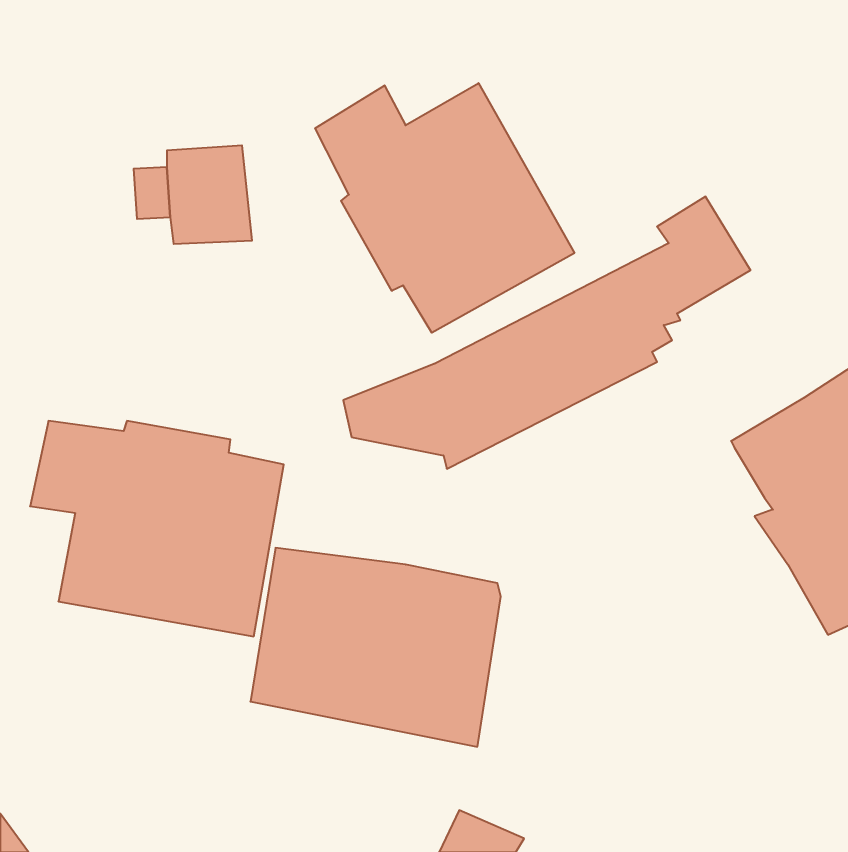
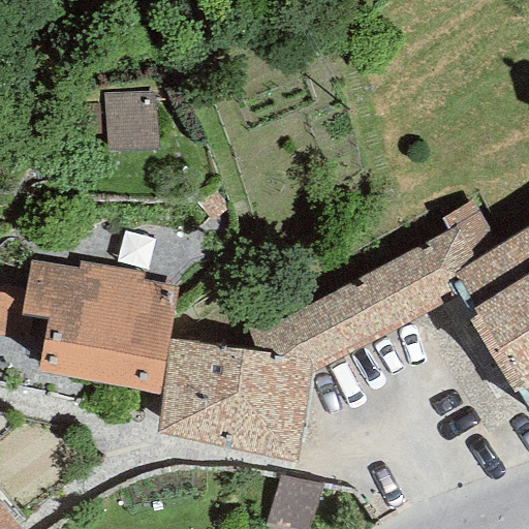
building: [315,83,574,333] -> none
building: [343,197,751,469] -> [249,200,501,369]

